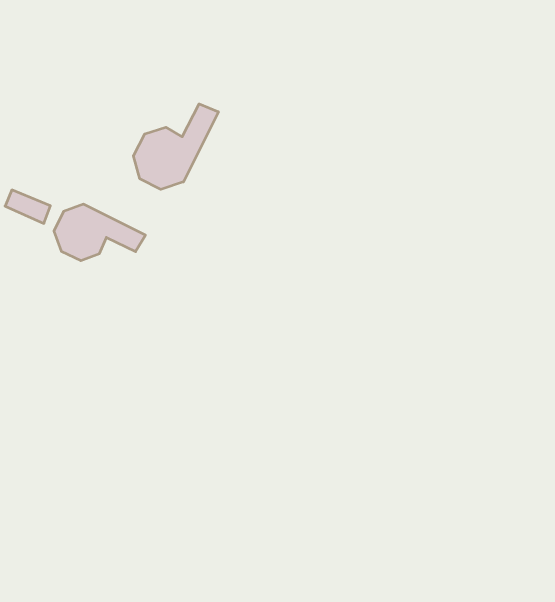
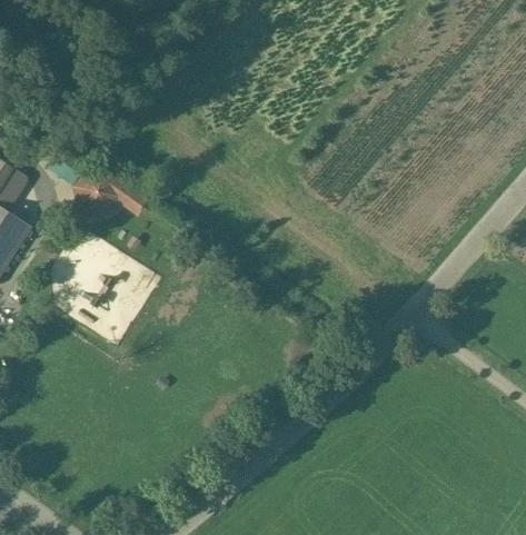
building: [133,104,218,189] -> none

